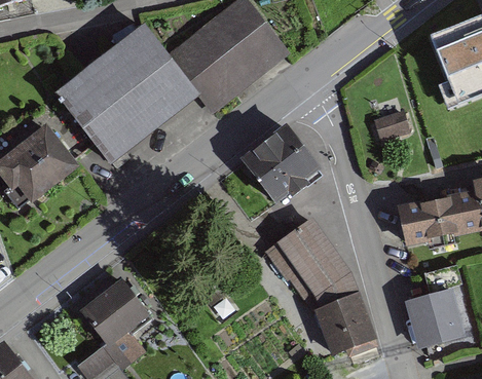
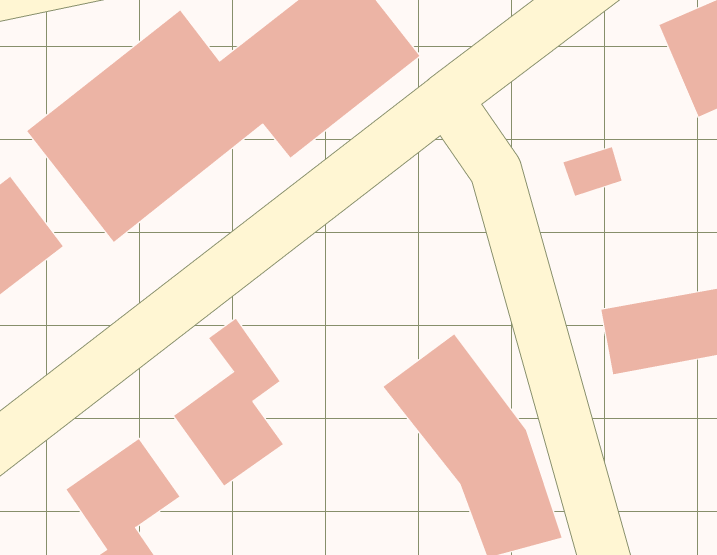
building: [240,124,322,205] -> none
building: none -> [173,318,284,487]
building: [413,292,457,342] -> none

